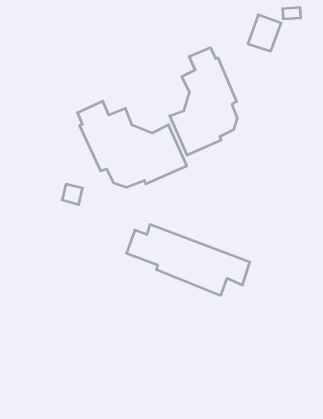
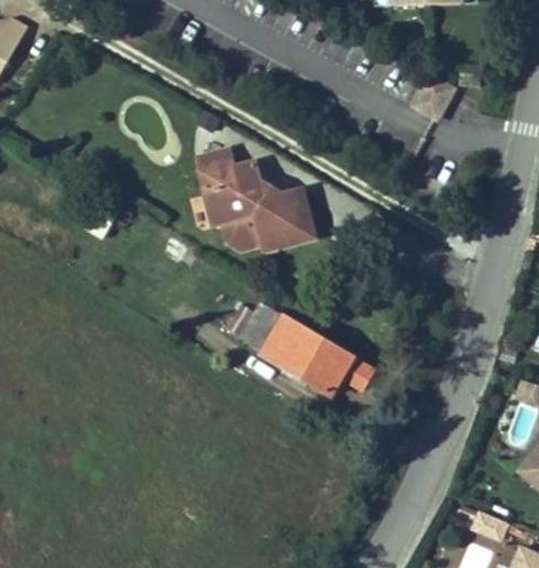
building: [170,48,237,155] -> none

